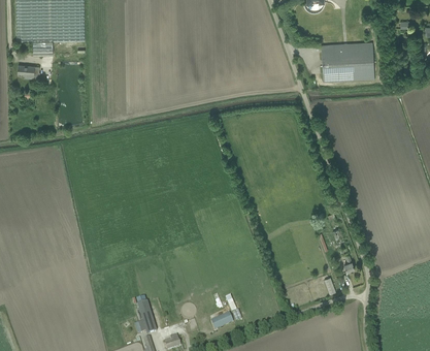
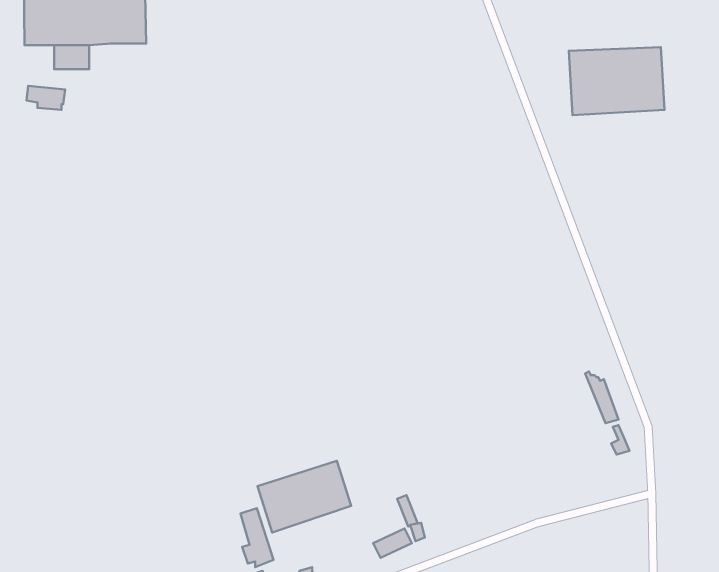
building: none -> [257,461,351,533]

